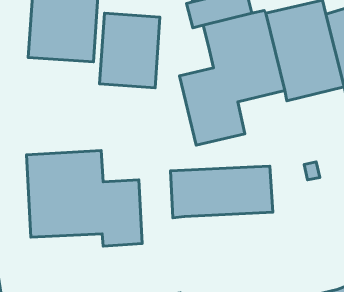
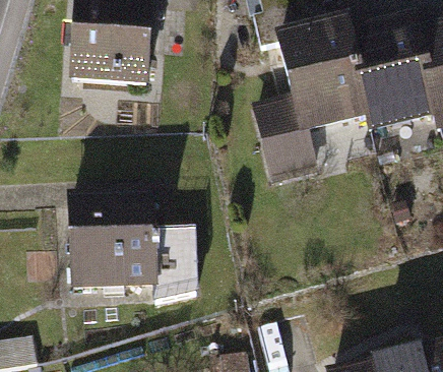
building: [100,13,160,88] -> none
building: [171,166,273,218] -> none

